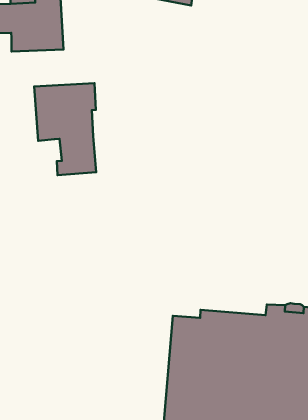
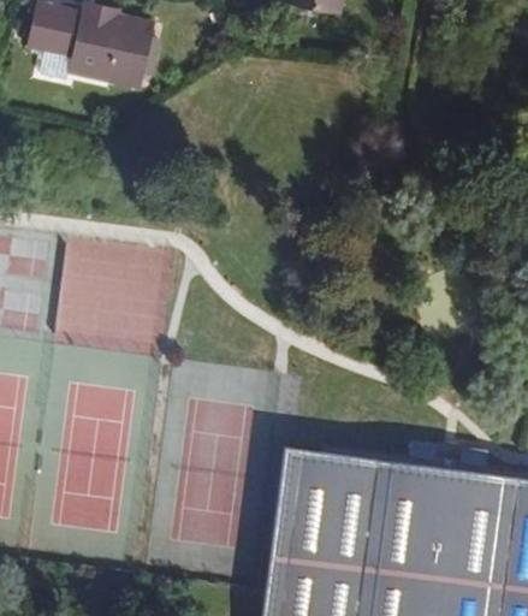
building: [34,83,96,175] -> none

